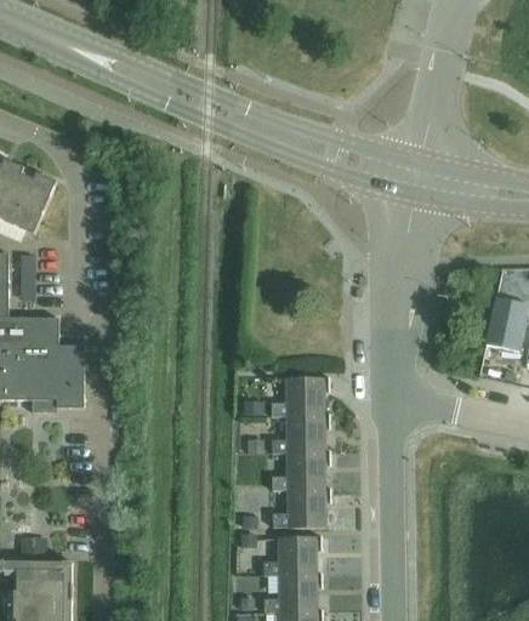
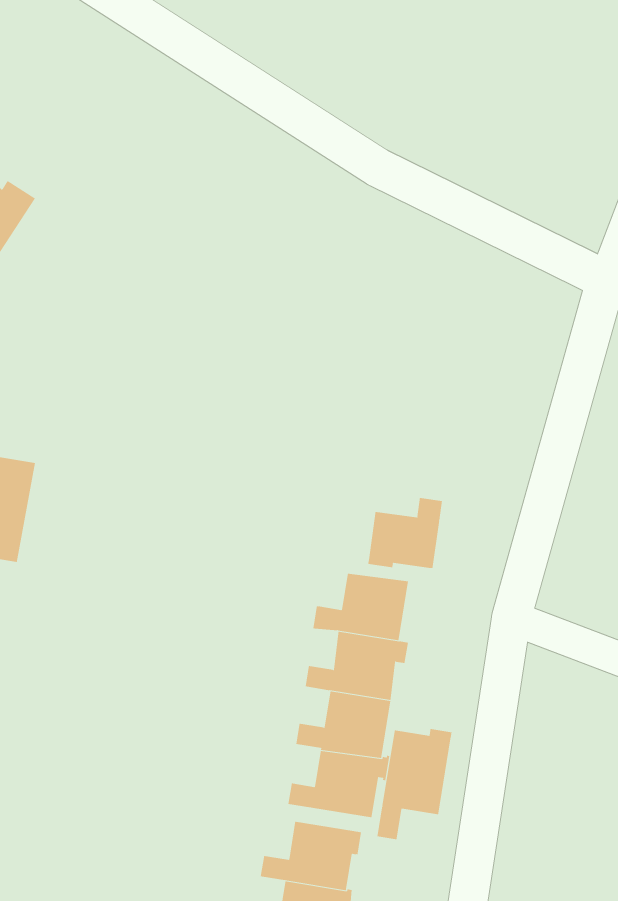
building: none -> [368,497,443,569]
building: none -> [377,728,452,840]

